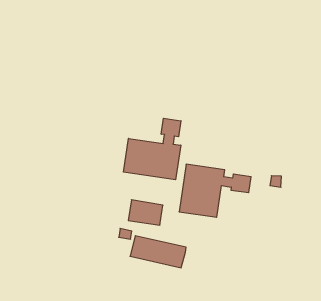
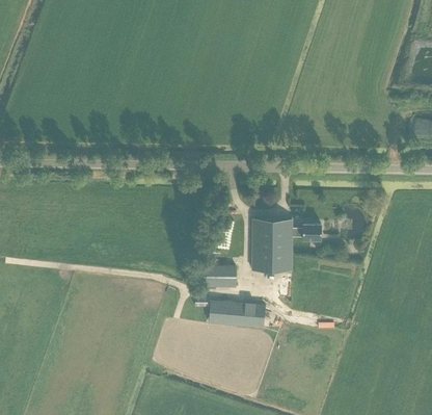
building: [124,118,181,180] -> none

